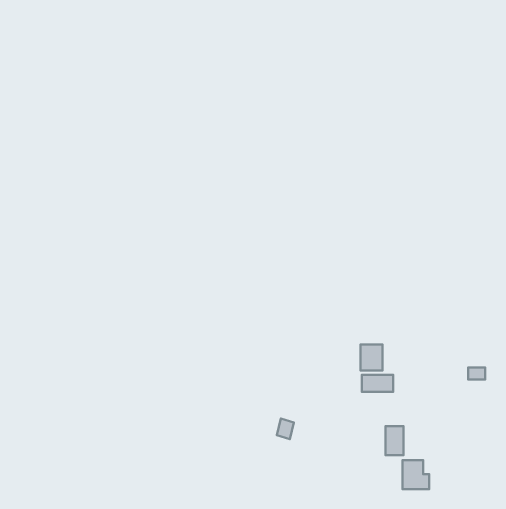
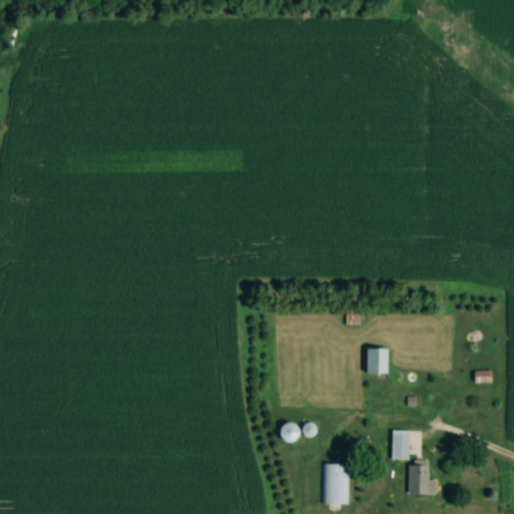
building: [362,375,393,392] -> none
building: none -> [322,464,348,504]

